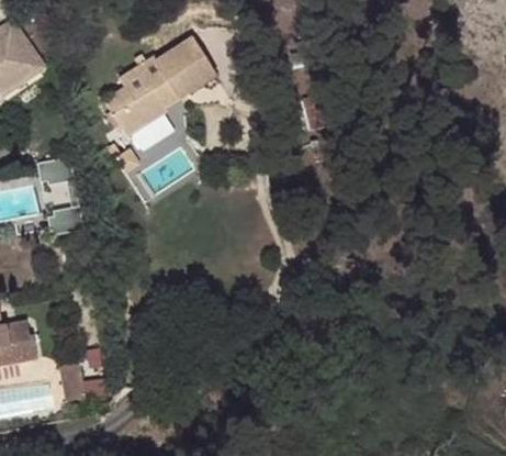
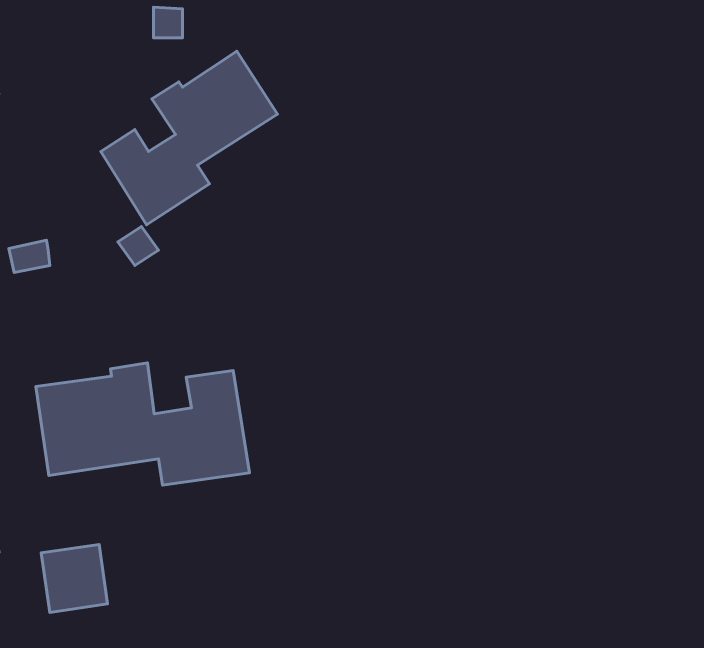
building: none -> [36,363,249,485]

